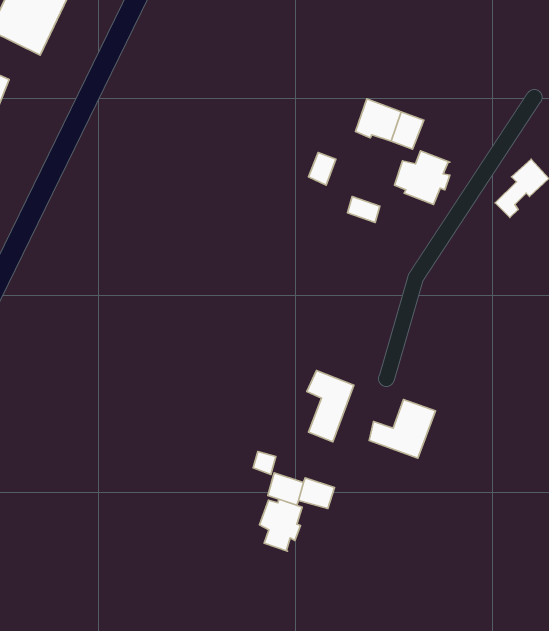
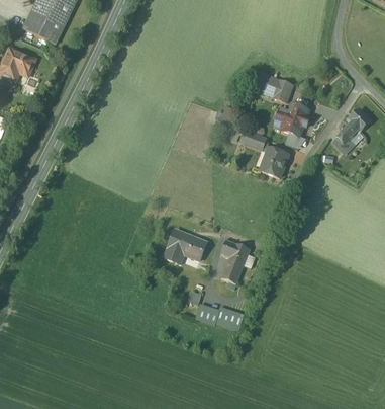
building: none -> [261,148,288,177]
building: none -> [165,230,206,263]
building: [369,399,436,458] -> none
building: [259,499,302,551] -> none

